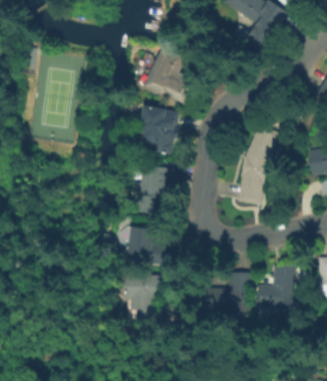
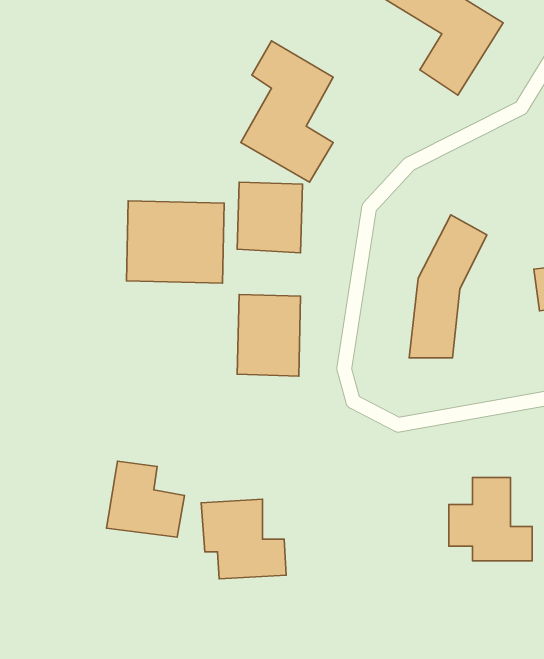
building: none -> [127,201,224,283]
building: [123,228,167,270] -> [107,461,184,537]
building: [203,272,251,309] -> none

